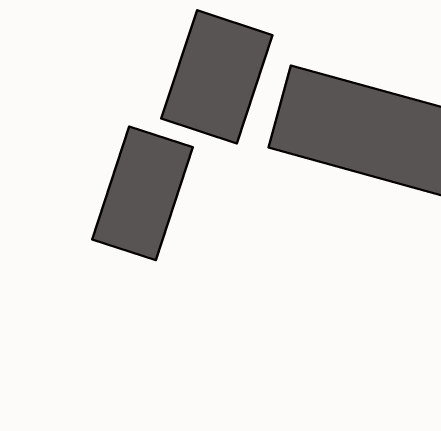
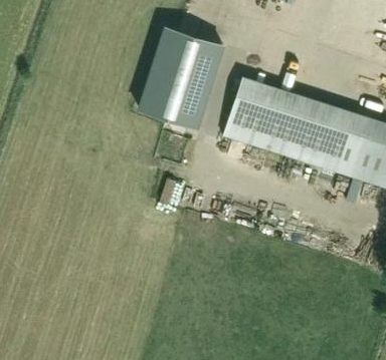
building: [92,127,193,260] -> none

